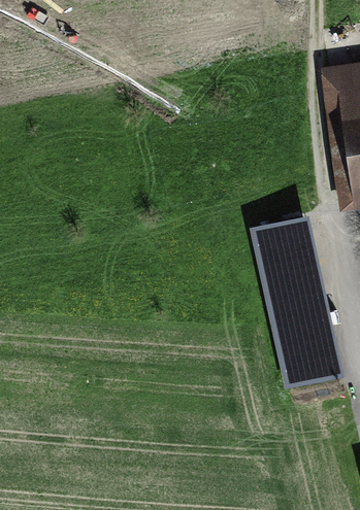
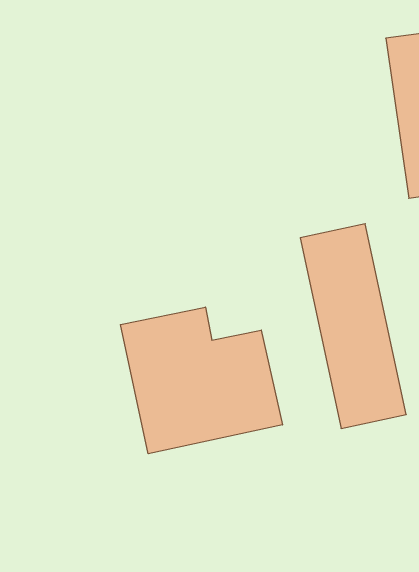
building: none -> [120,307,282,454]

